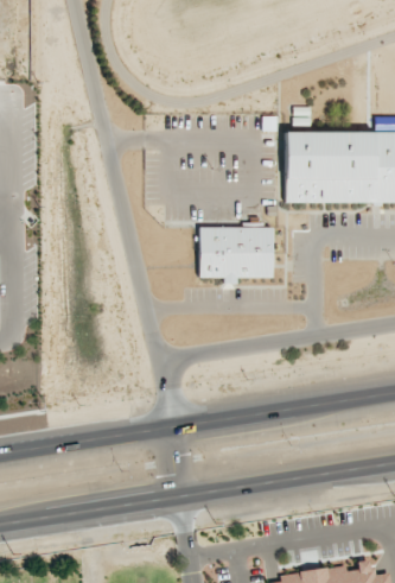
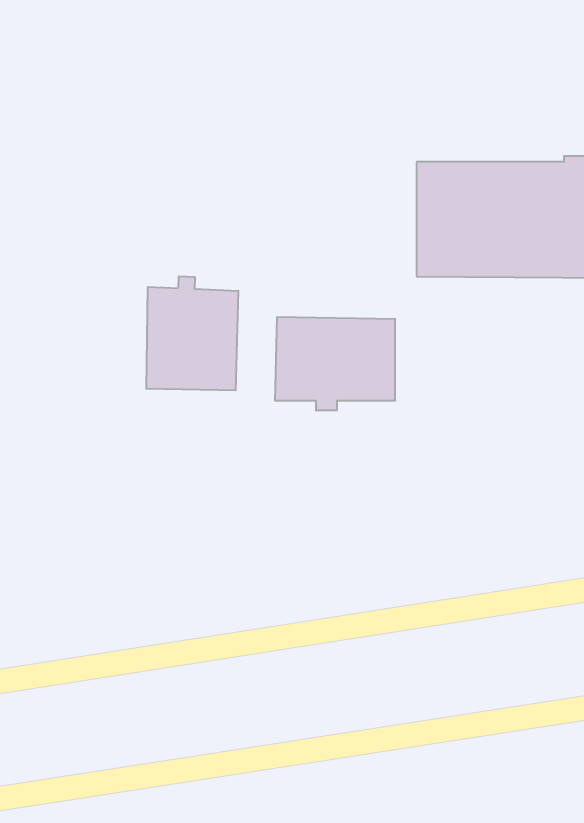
building: none -> [147,276,238,390]

